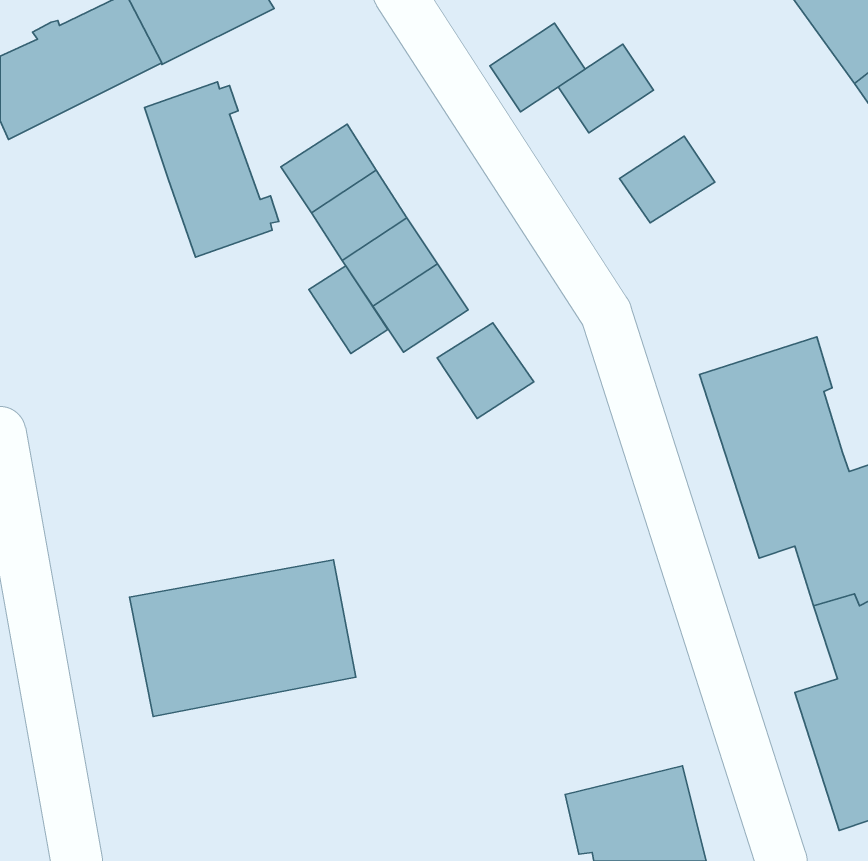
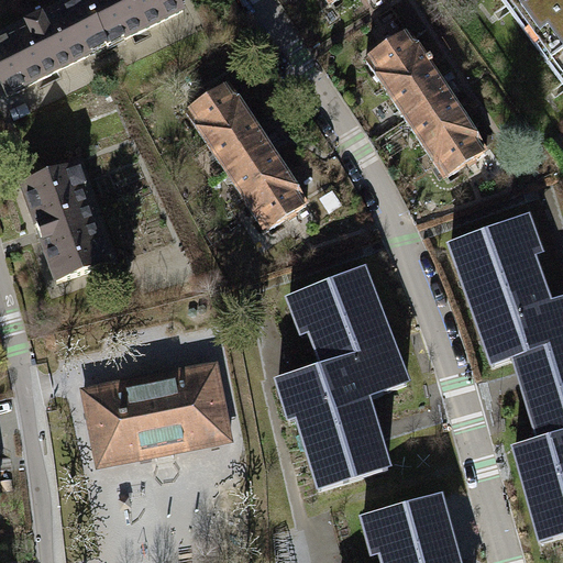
building: [490,23,585,112] -> [382,58,443,115]
building: [144,82,279,257] -> [26,165,113,278]
building: none -> [421,118,483,174]
building: [309,266,388,354] -> none
building: [437,323,534,419] -> none
building: none -> [280,272,404,487]

